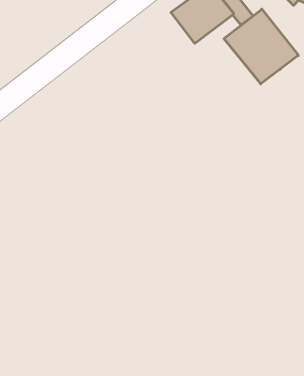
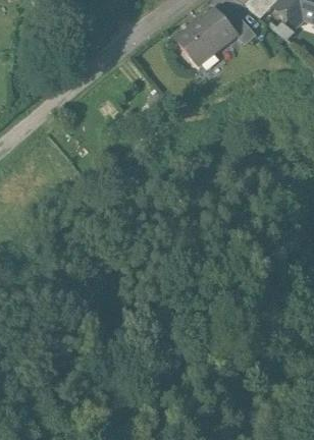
building: [224,9,298,84] -> none

